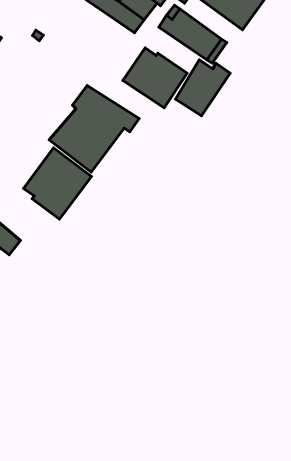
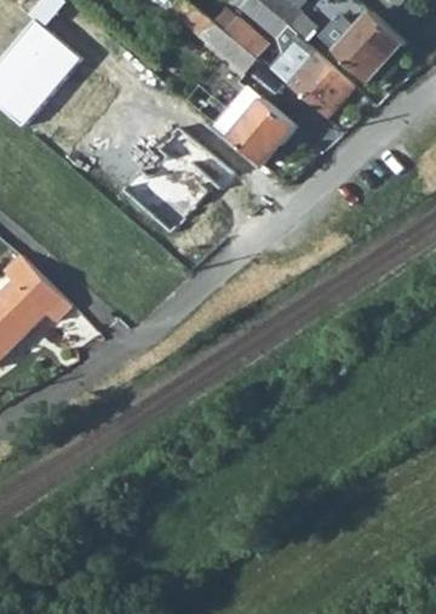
building: [175,60,230,116] -> none
building: [24,148,92,219] -> none

